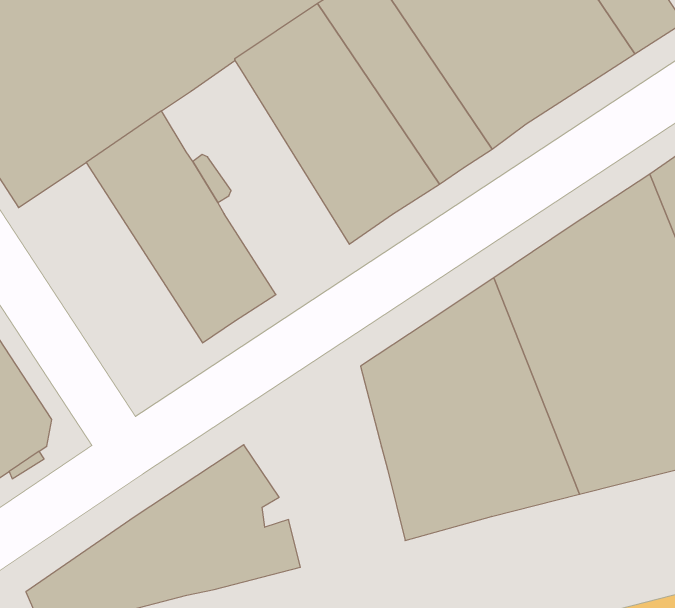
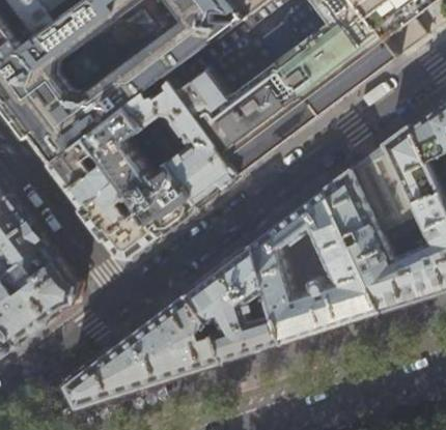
building: none -> [124,78,236,206]
building: none -> [46,137,156,255]
building: none -> [183,245,278,362]

